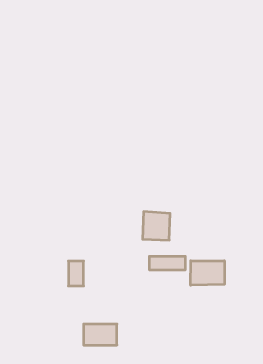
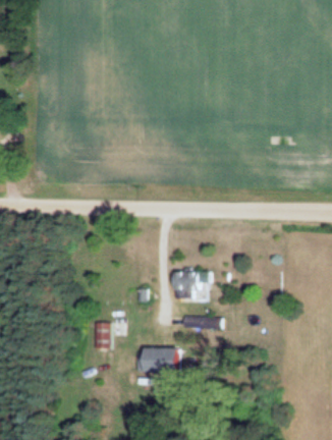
building: [191,261,224,285] -> none
building: [84,324,117,345] -> [148,348,183,371]

